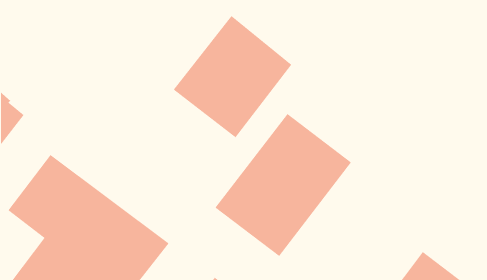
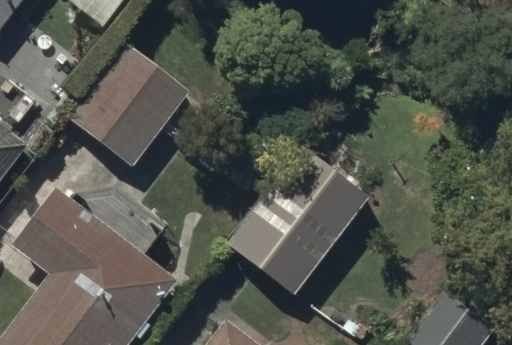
building: [173,15,292,138] -> [65,41,190,170]

